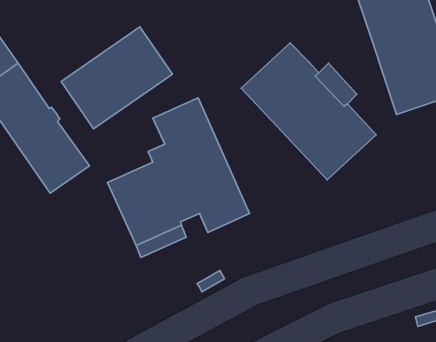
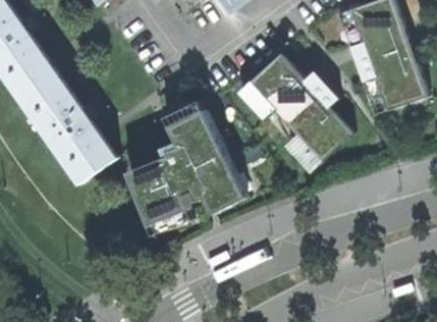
building: [61,27,172,129] -> none

